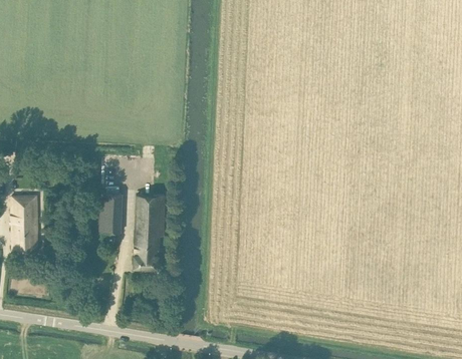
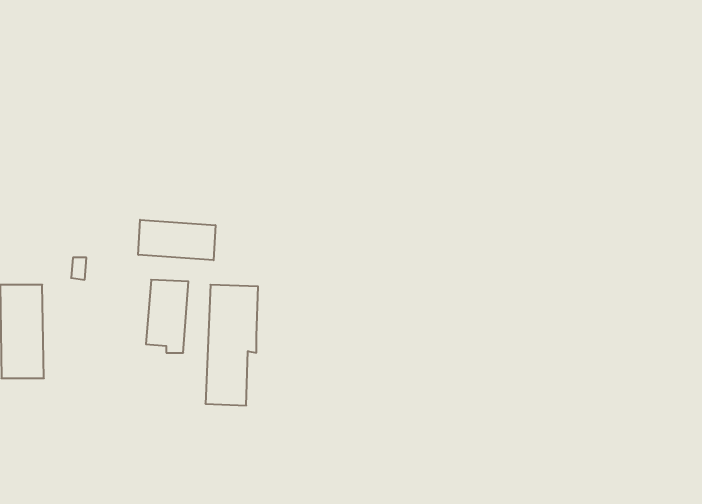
building: none -> [138,220,215,260]

